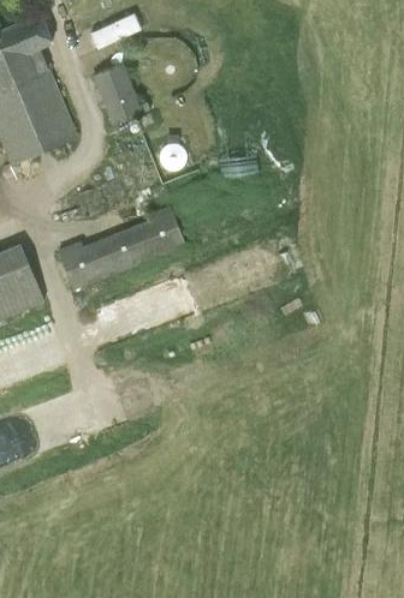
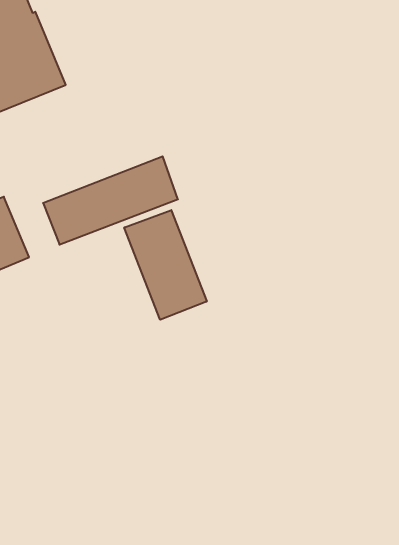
building: [91,64,141,122] -> none
building: none -> [124,210,207,320]

